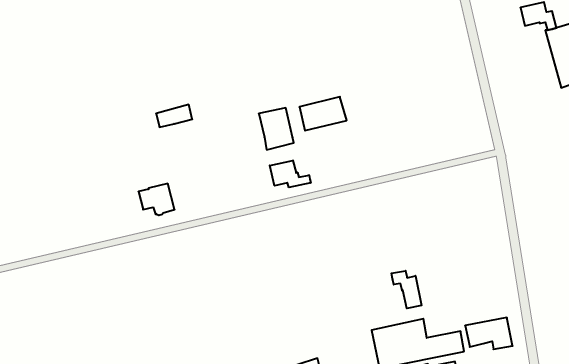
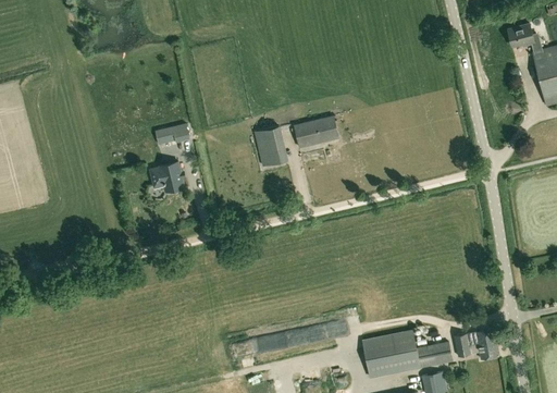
building: [270,160,311,187] -> none
building: [138,184,175,215] -> [150,162,185,193]
building: [391,271,422,308] -> none

